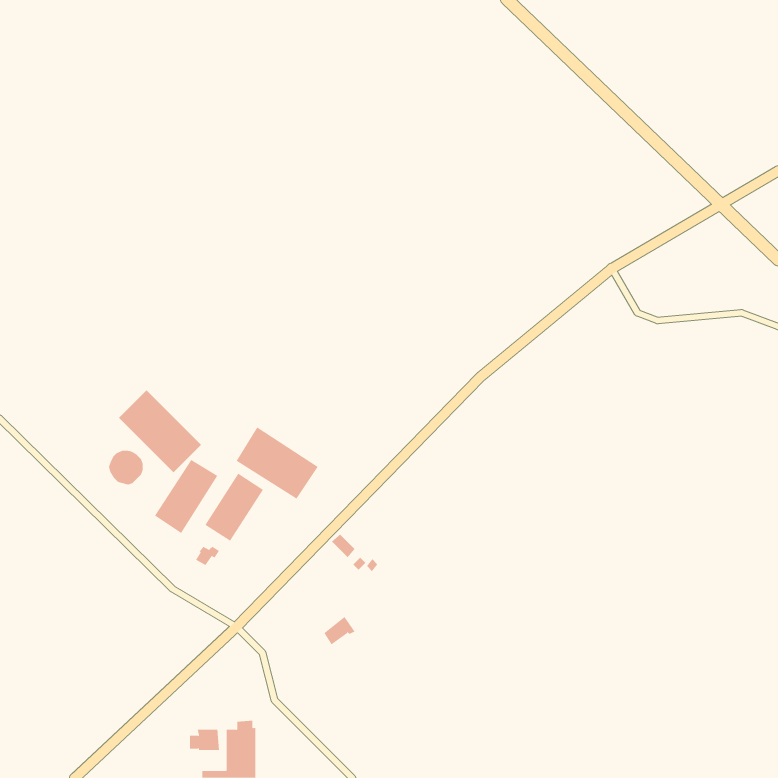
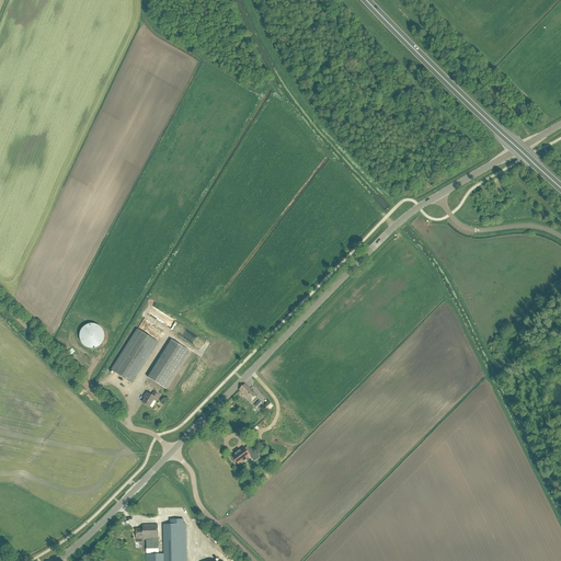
building: [118,390,202,473] -> none
building: [236,427,319,499] -> none

